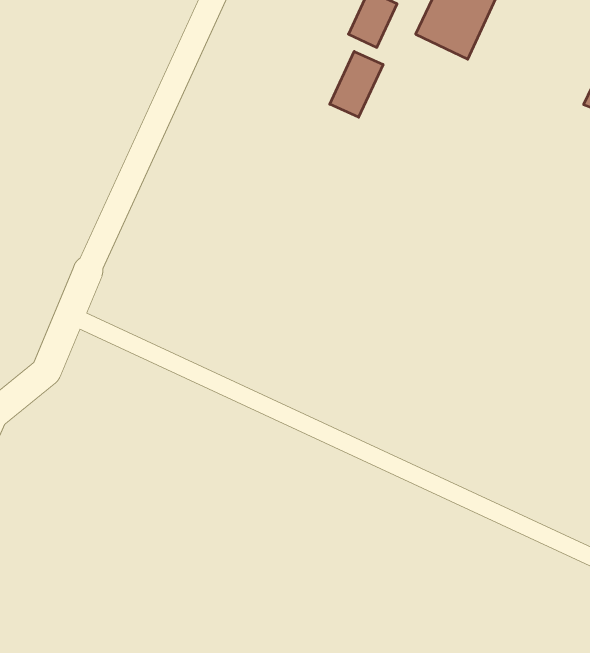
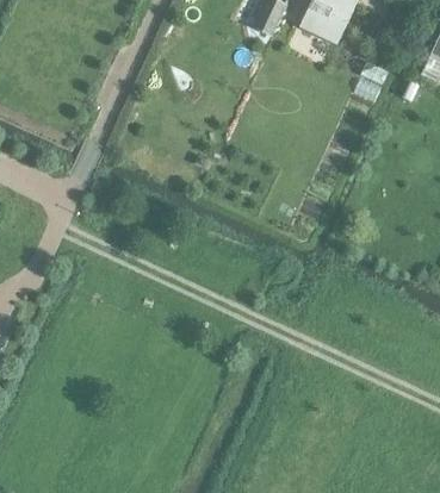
building: [330,51,383,117] -> none

